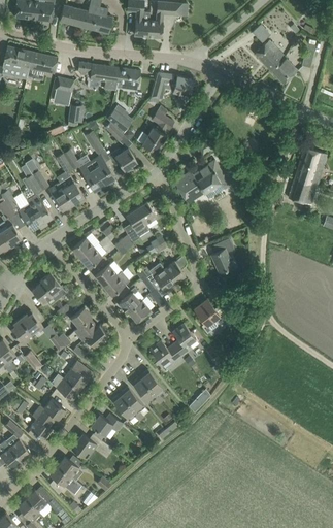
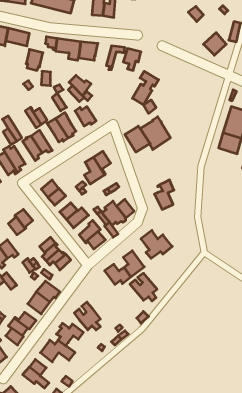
building: [254,40,285,71] -> none
building: [141,111,173,153] -> [132,71,159,105]
building: [131,370,164,404] -> [130,273,157,301]

